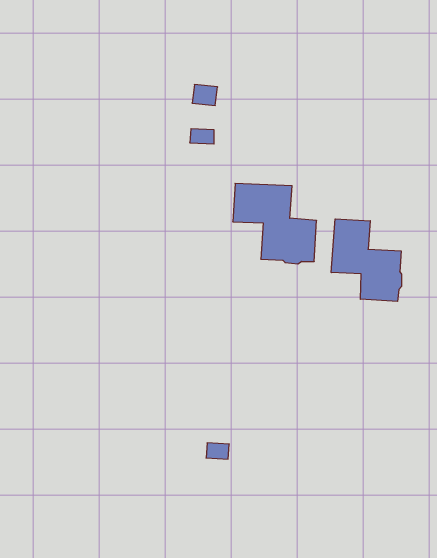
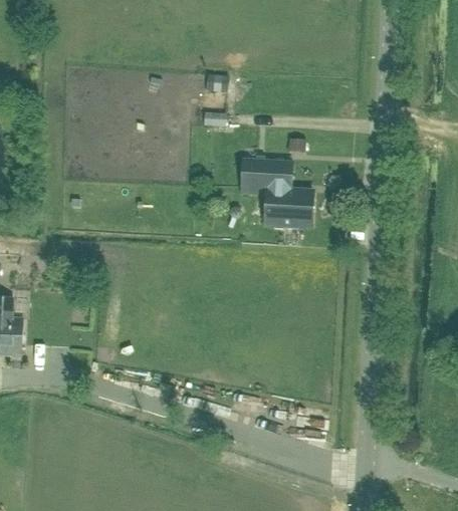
building: [331,219,402,301] -> none

